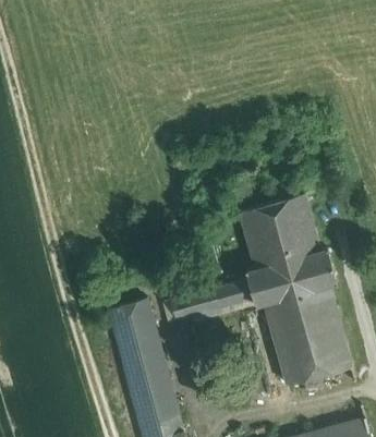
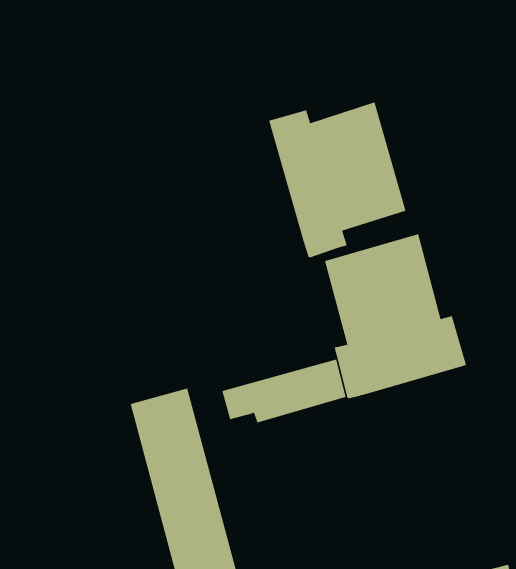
building: none -> [268,102,406,258]
building: [266,286,352,385] -> none

